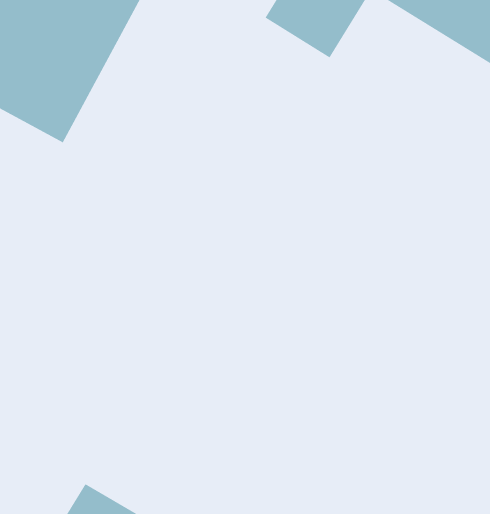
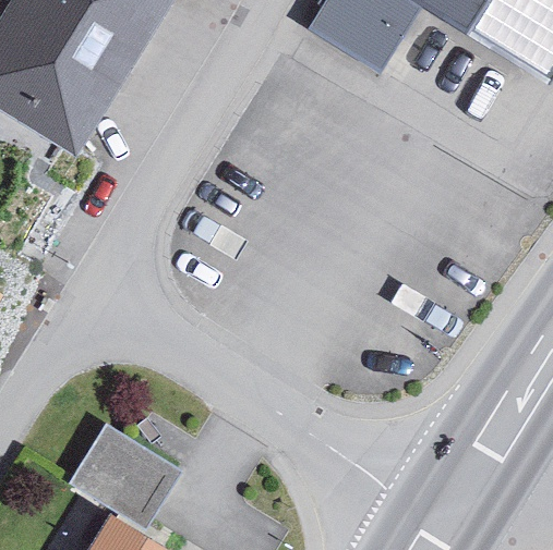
building: none -> [71,427,179,524]

